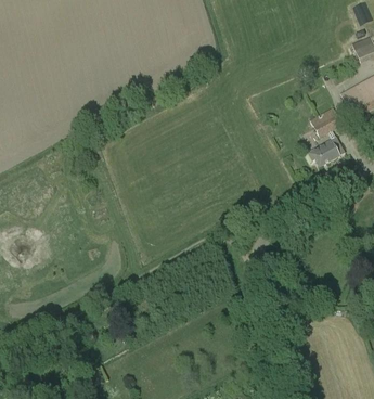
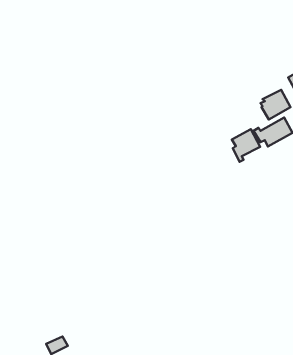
building: none -> [232,129,260,162]

